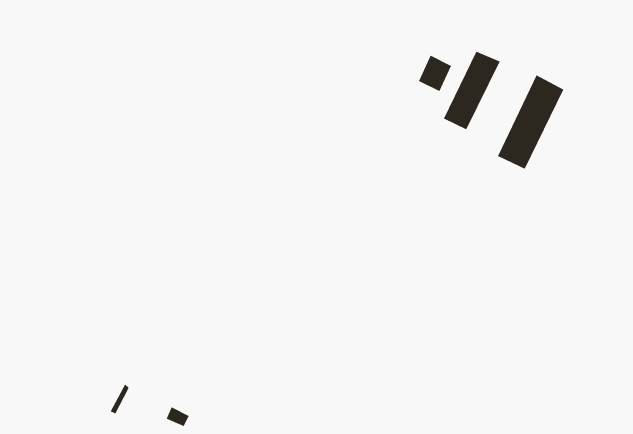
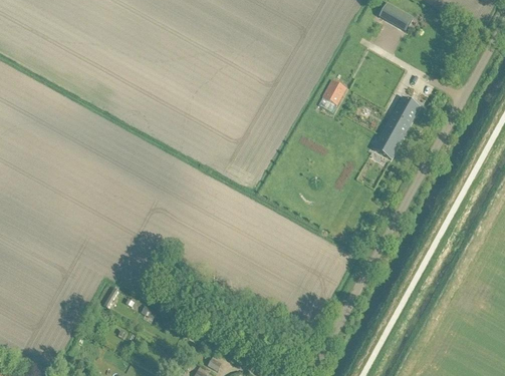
building: [443,51,501,130] -> none

